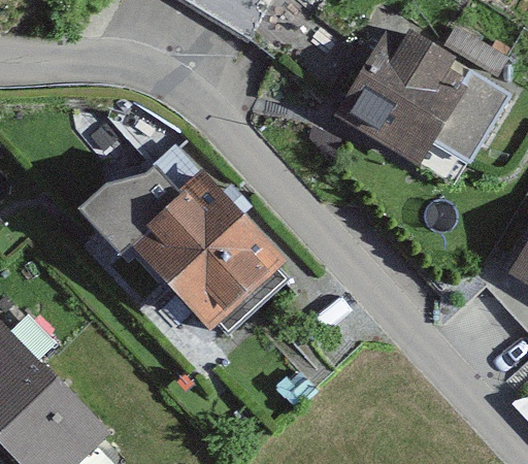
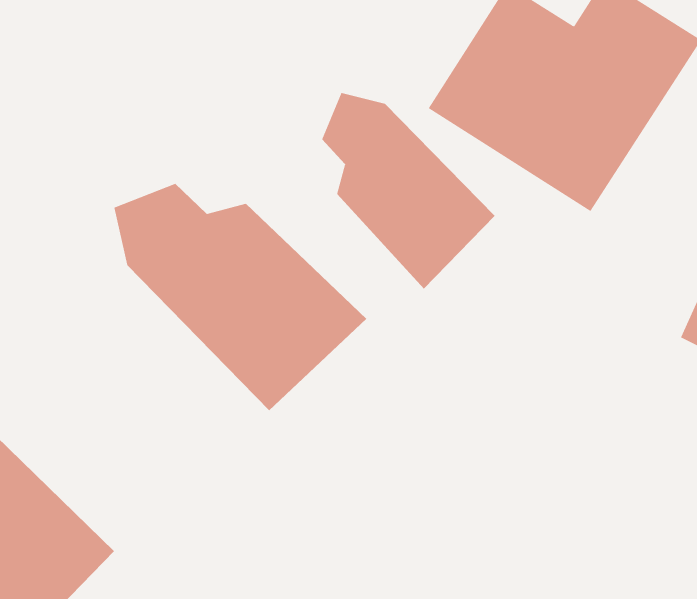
building: none -> [322,92,496,289]

